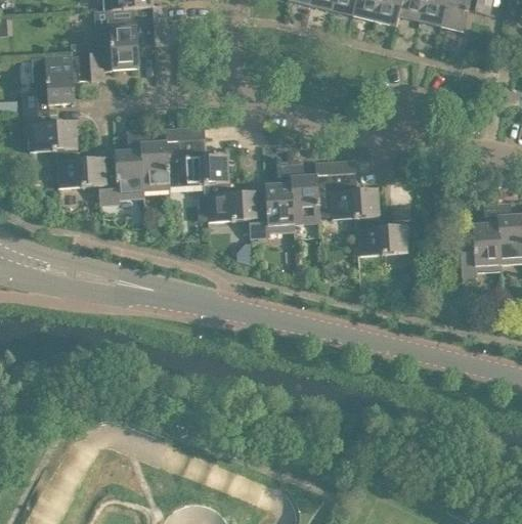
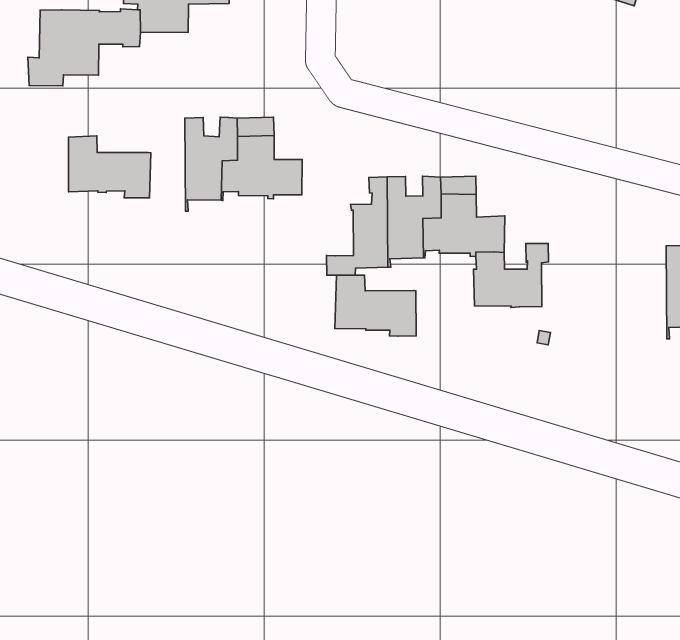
building: [26,112,77,150] -> none
building: [99,130,144,205] -> none
building: [208,181,268,224] -> [335,275,416,336]
building: [459,204,499,276] -> none

